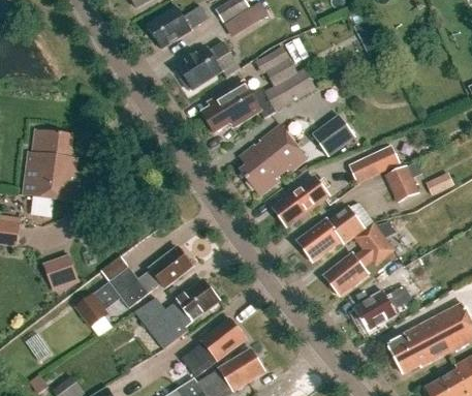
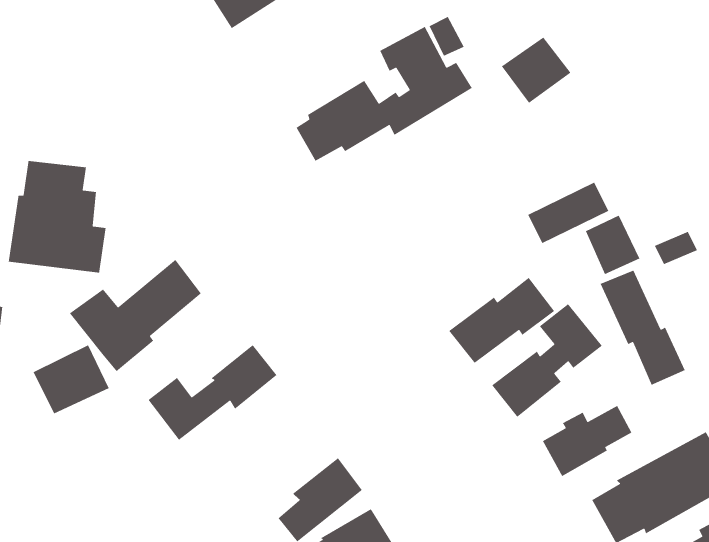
building: [178,40,229,88] -> none
building: [311,115,355,157] -> [501,37,572,104]
building: [239,122,307,194] -> none
building: [273,177,329,226] -> none
building: none -> [600,270,686,386]
building: [134,280,218,352] -> [69,259,202,372]
building: [73,294,107,329] -> none

